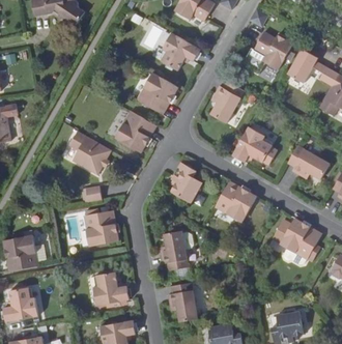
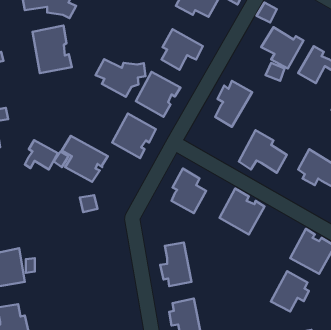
building: none -> [32,26,72,73]
building: none -> [96,59,145,97]
building: none -> [25,140,58,170]
building: [83,208,118,247] -> none
building: none -> [271,271,309,311]
building: [93,271,130,306] -> none

